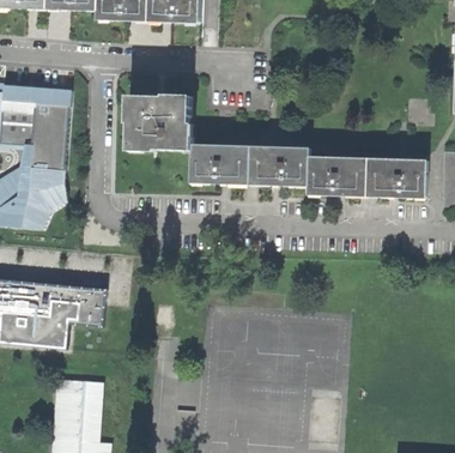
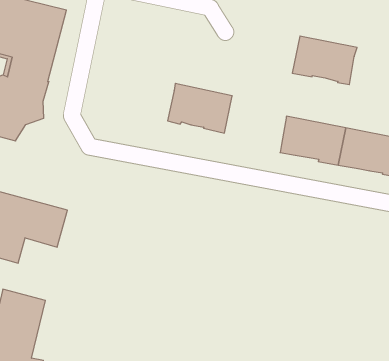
building: [126,95,190,152] -> none
building: [248,145,308,185] -> [292,36,357,85]

